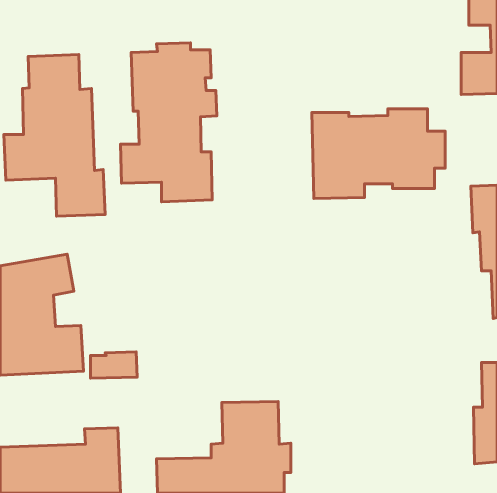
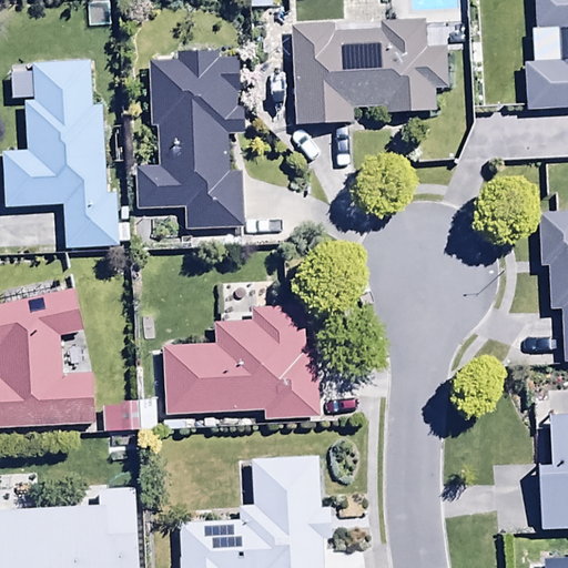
building: [312,109,445,198] -> [293,21,445,123]
building: none -> [161,307,320,419]

